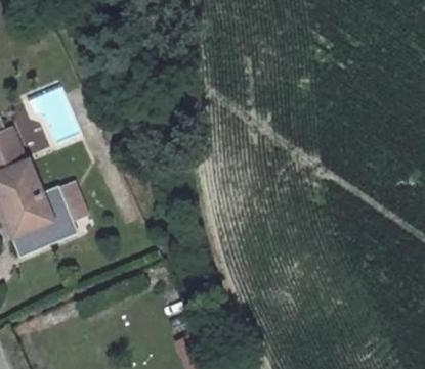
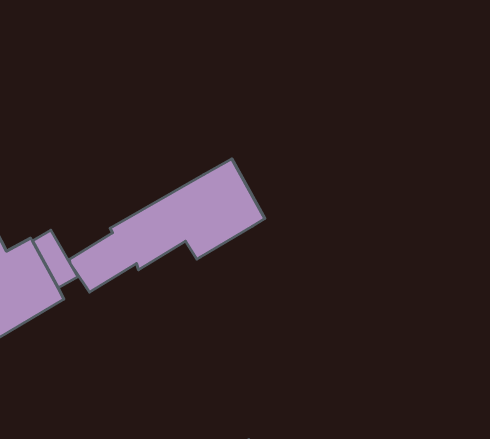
building: none -> [69,159,265,292]

